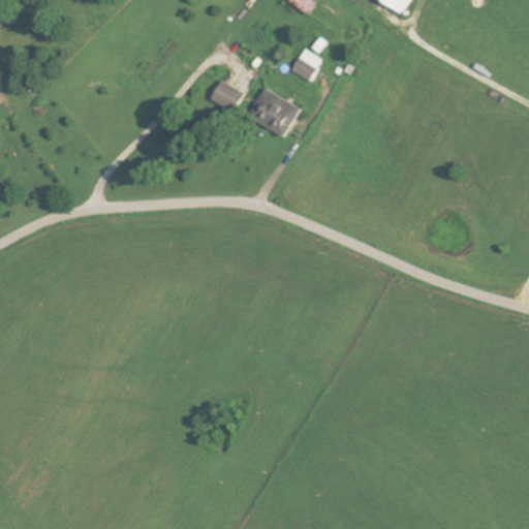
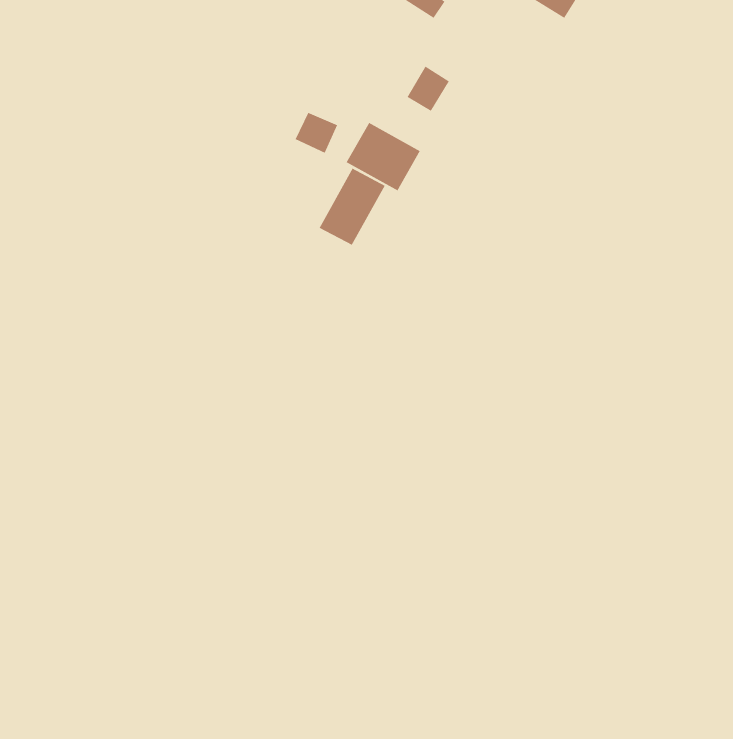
building: none -> [319,167,386,246]

